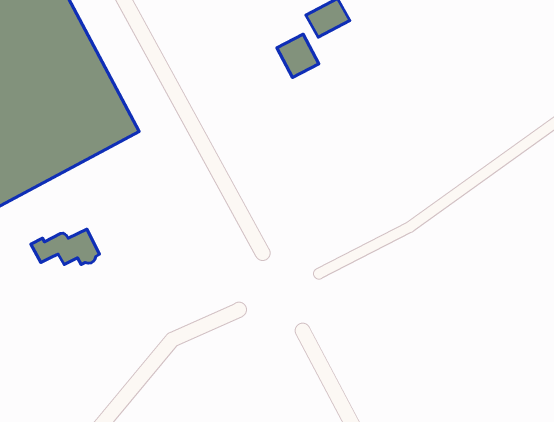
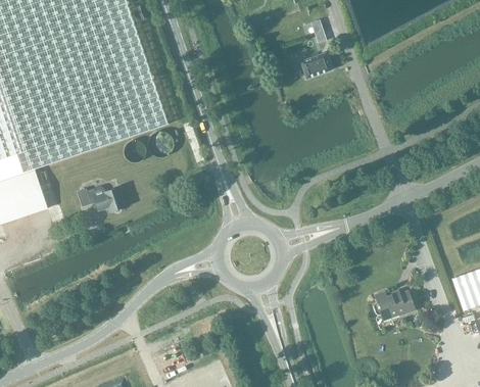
building: [277,34,319,77] -> none
building: none -> [372,291,415,321]

